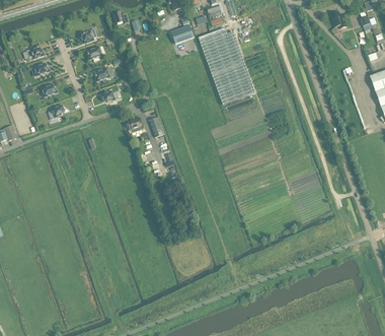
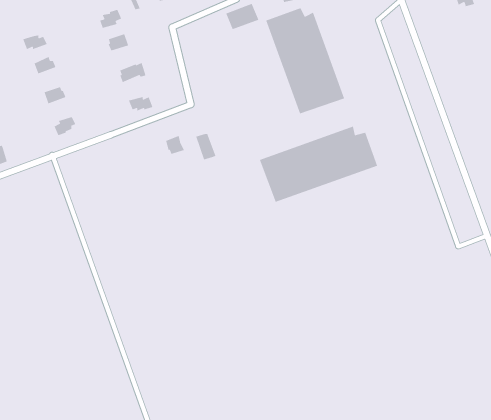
building: none -> [259,125,378,203]

